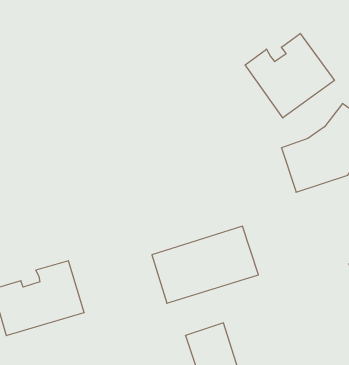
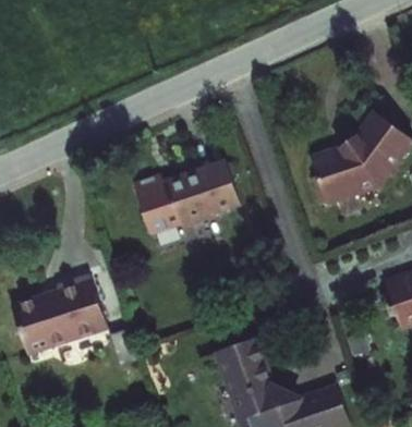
building: [245,33,334,118] -> none
building: [152,226,258,303] -> [133,155,243,234]

